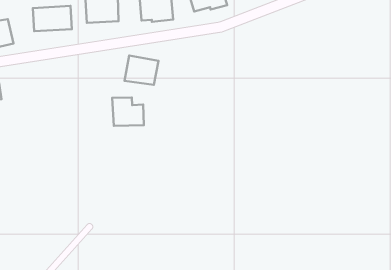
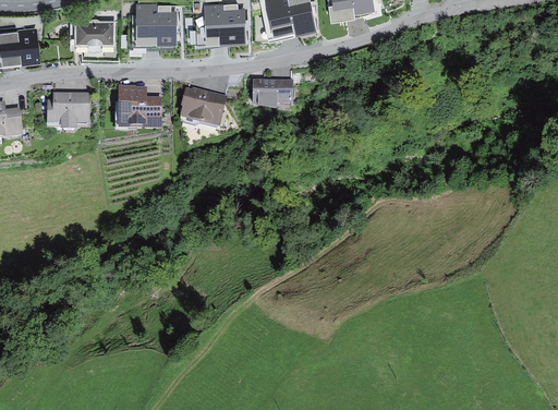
building: none -> [253,79,292,104]
building: none -> [49,96,88,122]
building: [112,97,144,126] -> [121,89,160,126]

